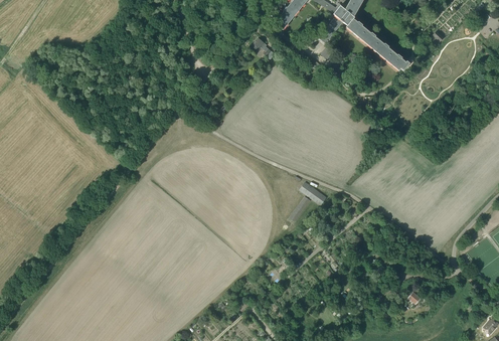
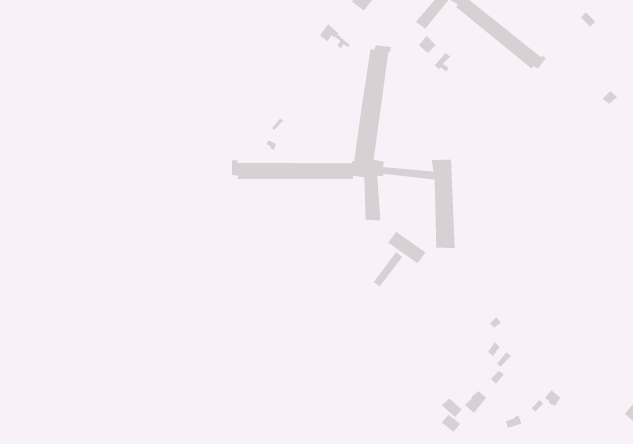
building: none -> [232,44,455,249]

